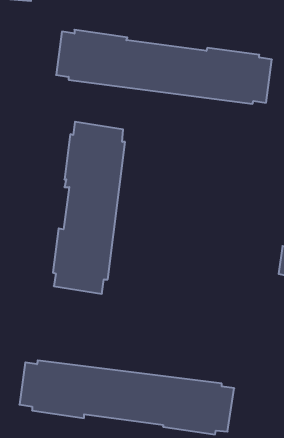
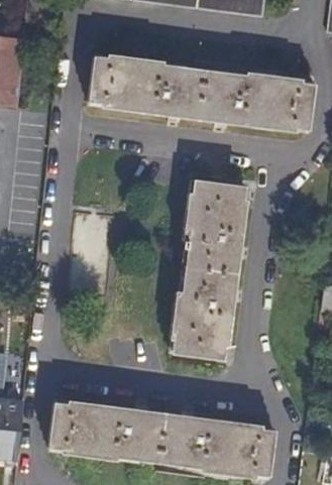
building: [53,122,125,294] -> [171,178,246,359]

